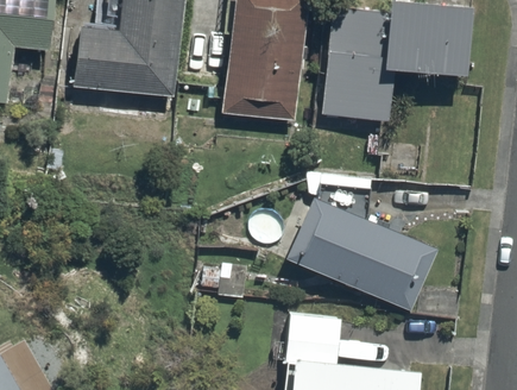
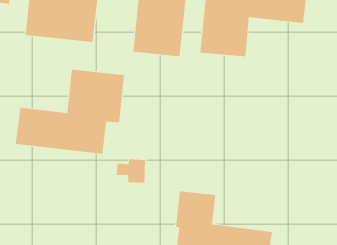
building: none -> [15,69,124,154]
building: [284,195,435,313] -> none

